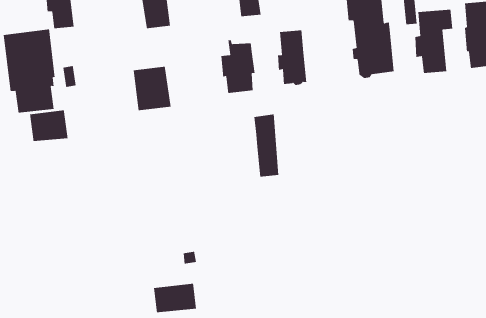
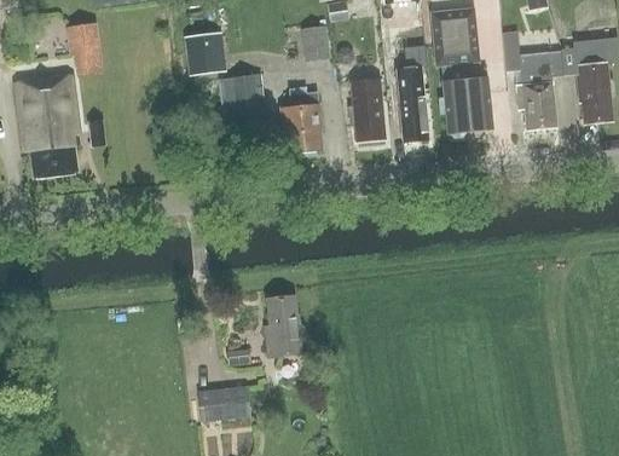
building: [133,66,171,111] -> [220,74,267,128]
building: [30,109,68,142] -> none
building: [253,114,279,177] -> [397,64,428,142]
building: none -> [266,295,307,358]

